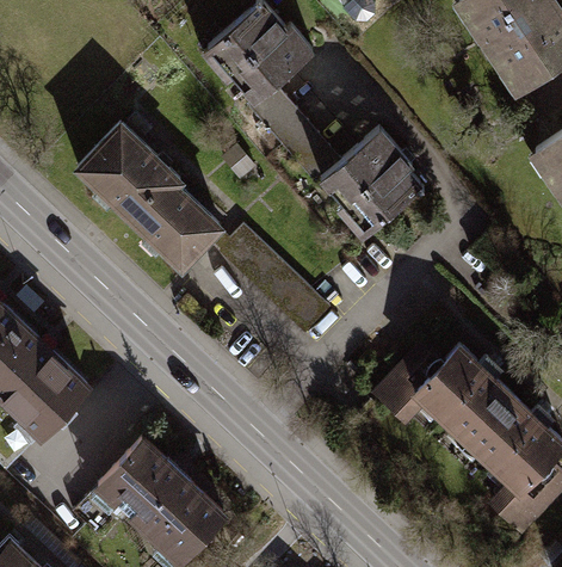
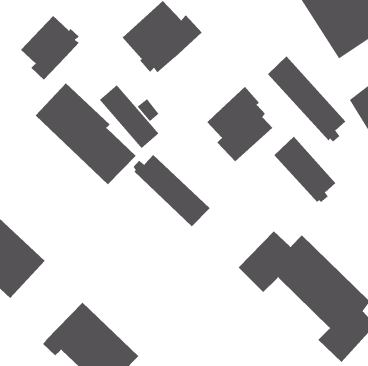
building: none -> [20,15,80,80]
building: none -> [267,56,346,142]
building: [253,87,341,181] -> [99,84,160,149]
building: none -> [274,136,336,203]

